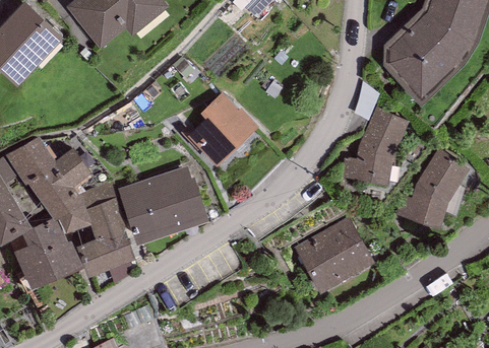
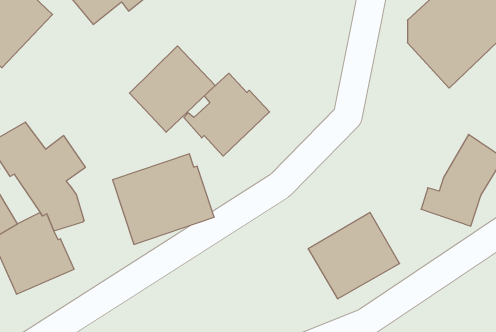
building: none -> [129,46,215,132]
building: [341,106,410,185] -> none
building: [76,182,133,278] -> none

